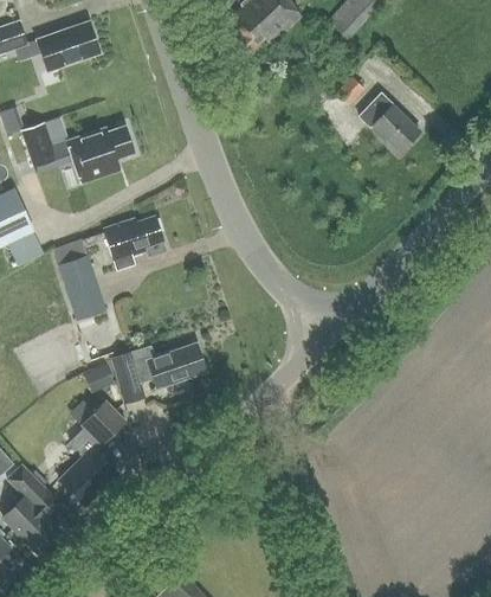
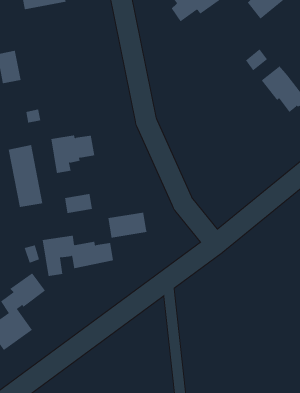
building: [69,126,135,181] -> none
building: none -> [64,193,93,214]
building: none -> [108,212,147,238]

